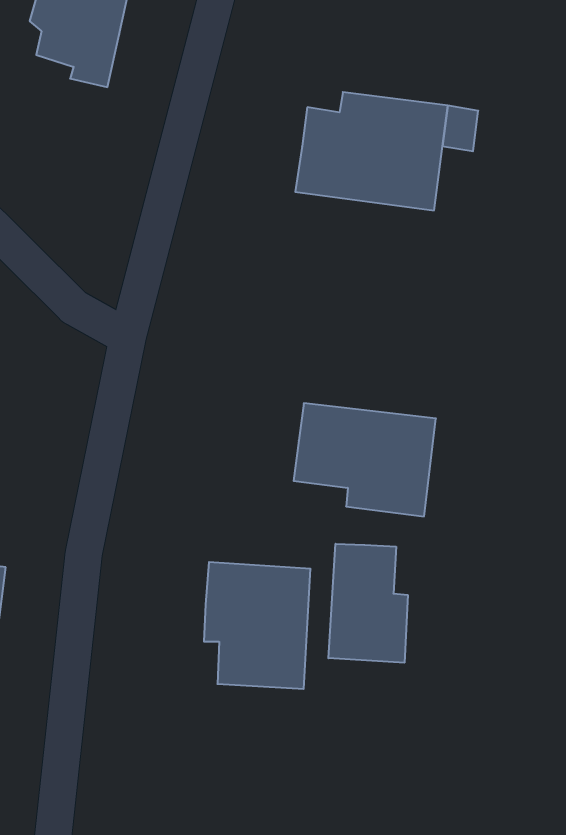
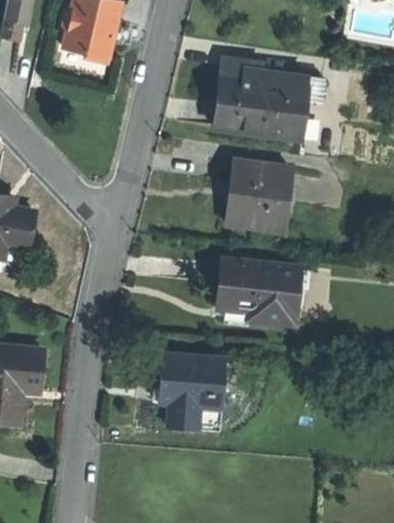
building: none -> [228,159,291,230]
building: [328,544,408,663] -> none

